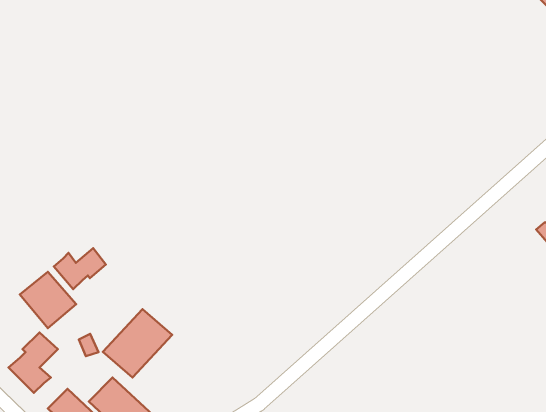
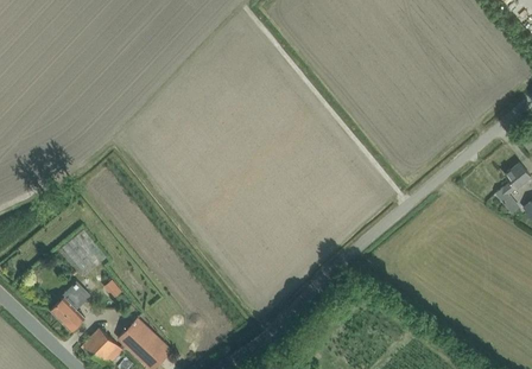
building: [54,248,106,289] -> none
building: [103,309,172,378] -> none

